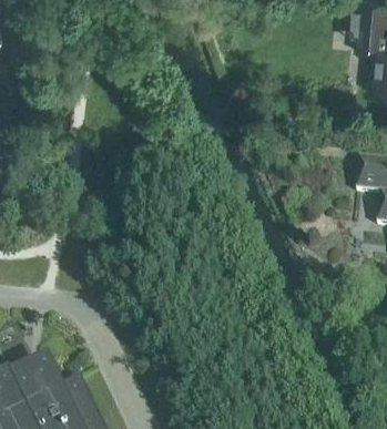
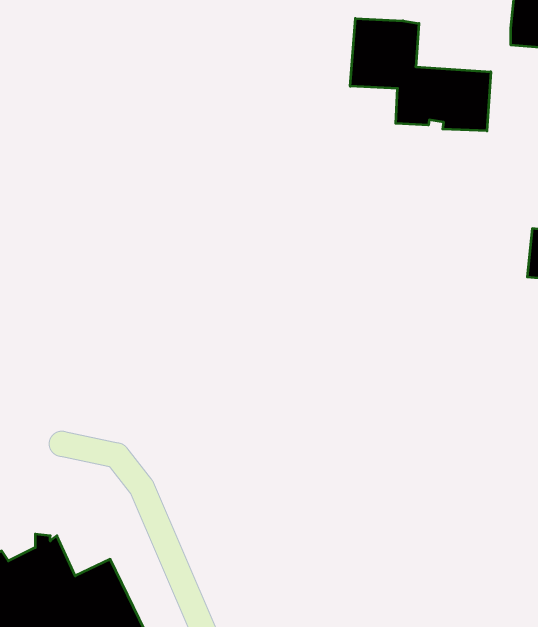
building: none -> [350,18,491,131]

